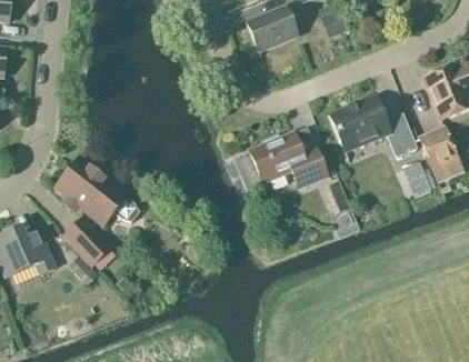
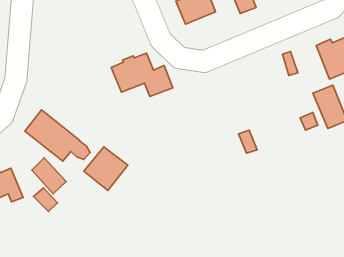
building: [330,95,417,155] -> none
building: [249,132,327,187] -> [111,53,173,97]
building: none -> [84,147,128,191]

